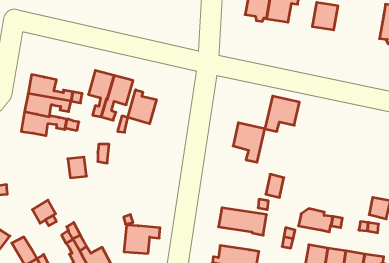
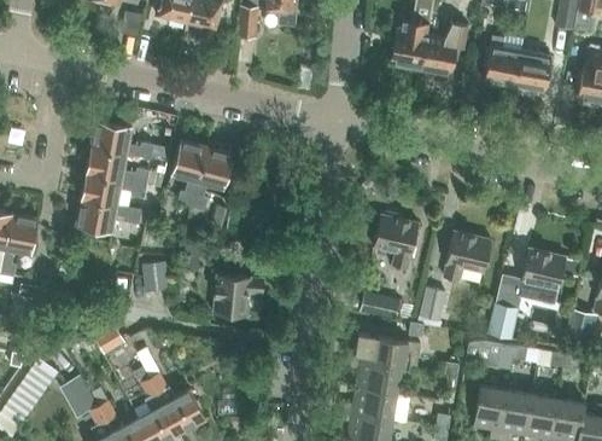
building: none -> [515,50,551,89]
building: none -> [92,120,154,159]
building: [128,90,156,124] -> none
building: [265,96,299,131] -> [443,231,491,280]
building: none -> [519,248,566,302]
building: none -> [360,292,401,319]
building: none -> [486,296,515,337]
building: [124,225,160,253] -> [214,275,264,315]
building: none -> [352,360,401,393]

